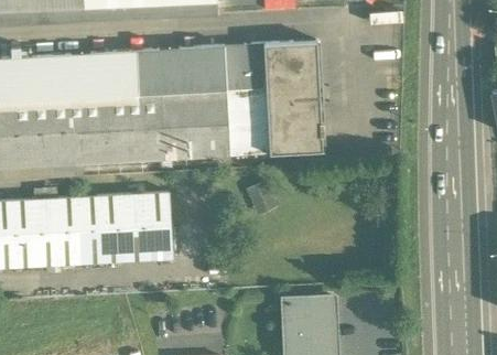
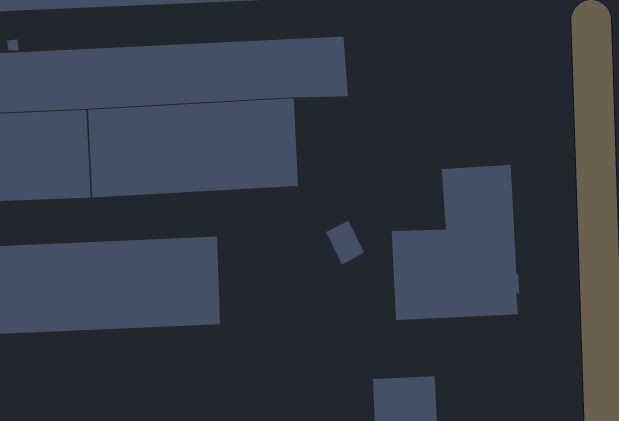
building: [227,40,324,157] -> [391,164,520,320]

